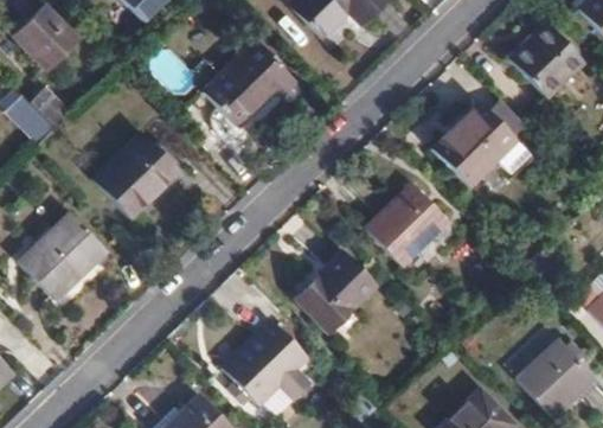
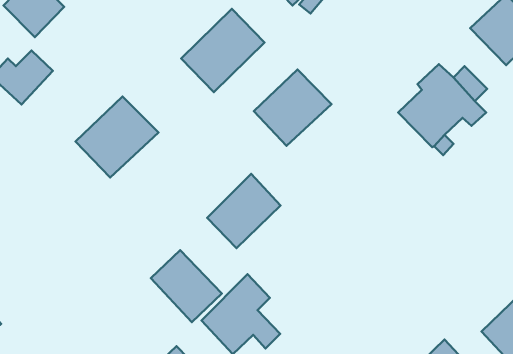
building: [365,184,447,264] -> [254,69,331,146]
building: [20,212,108,299] -> none
building: [297,251,374,330] -> [207,174,280,248]
building: none -> [151,250,222,322]

